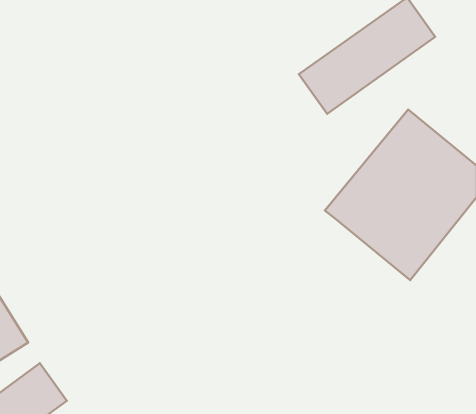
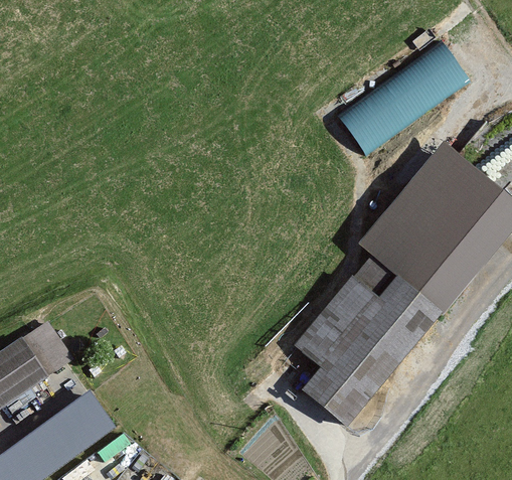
building: none -> [295,252,445,427]

